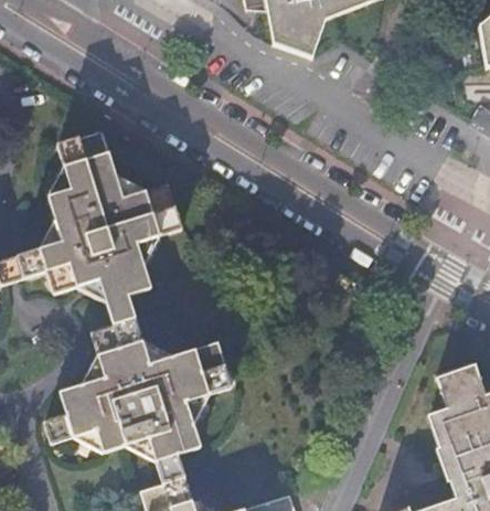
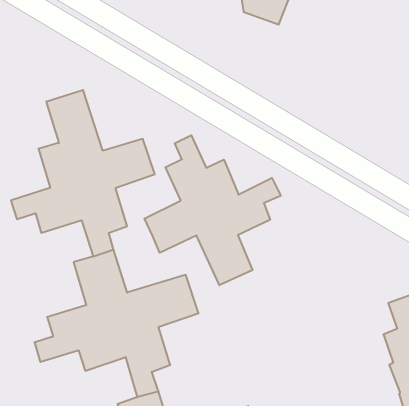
building: none -> [145,135,281,285]

